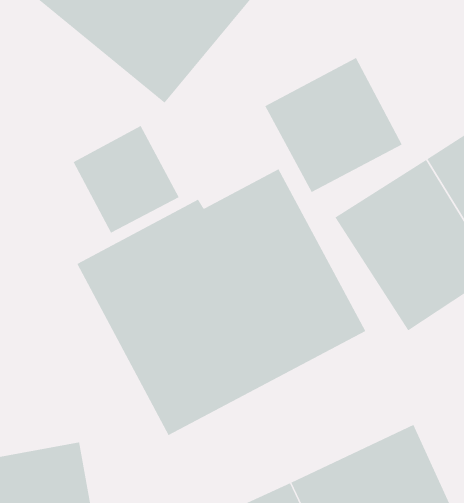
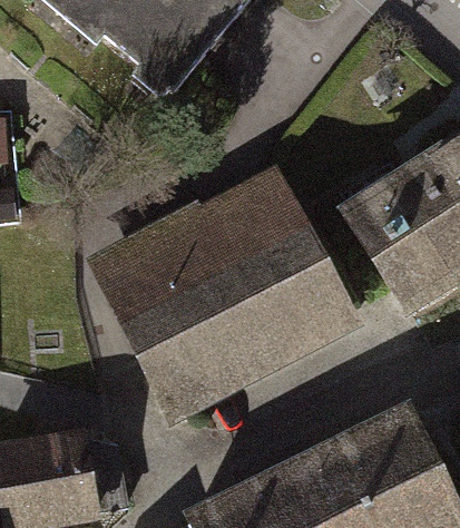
building: [264,57,402,193] -> none
building: [73,125,180,234] -> none

